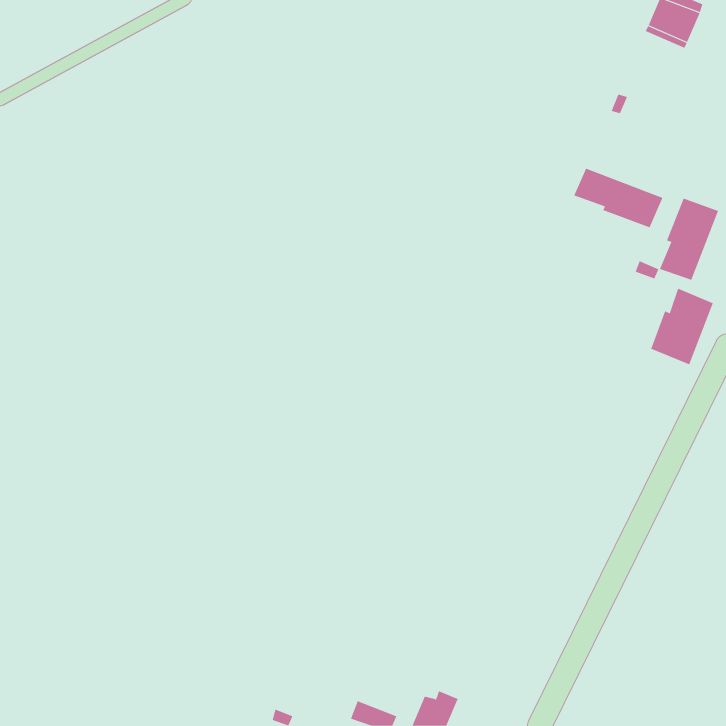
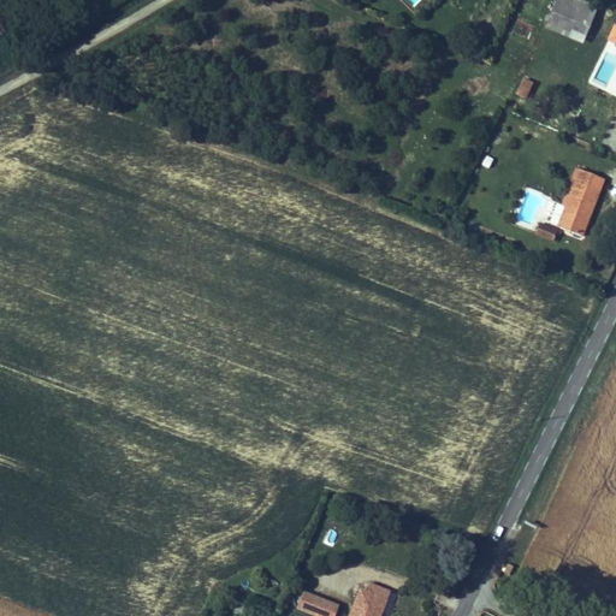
building: [574,168,663,228] -> none
building: [650,288,714,365] -> none

